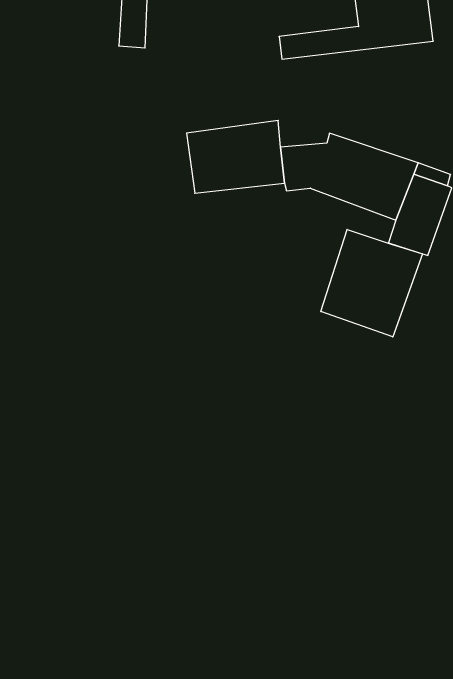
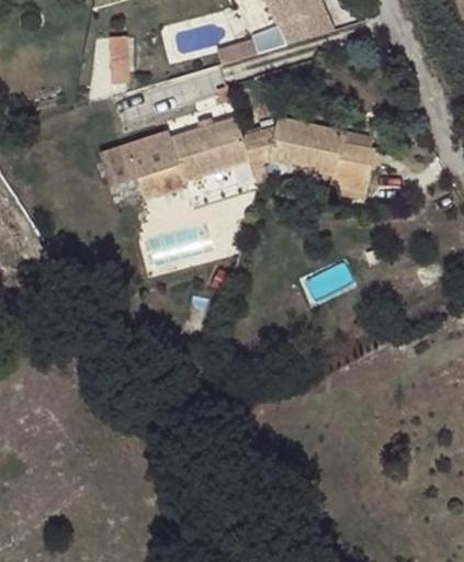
building: none -> [112,128,183,196]
building: [321,229,422,337] -> none

